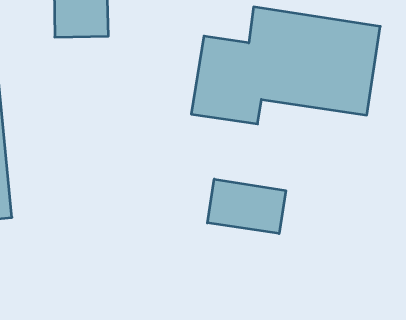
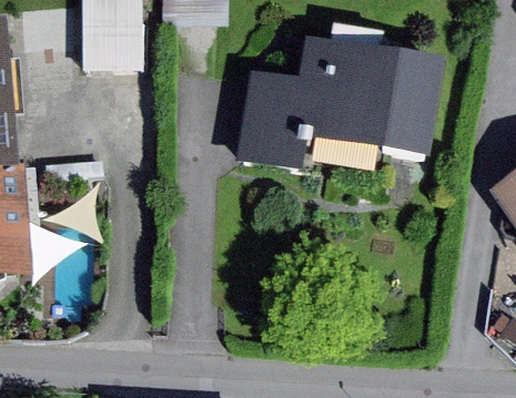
building: [207,179,286,234] -> none

